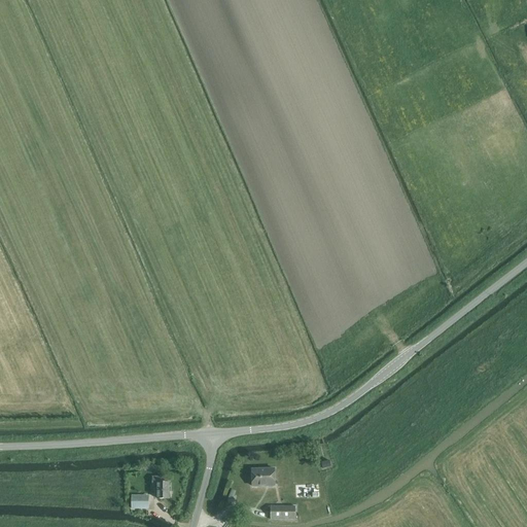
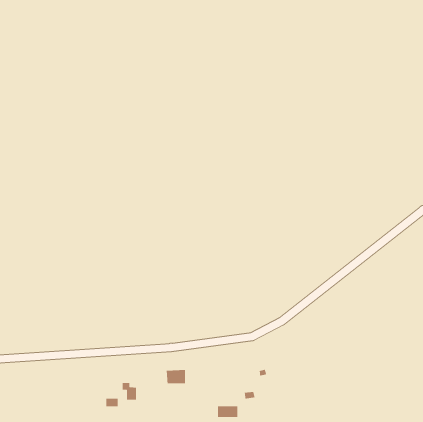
building: [250,466,275,485] -> [166,369,186,384]

